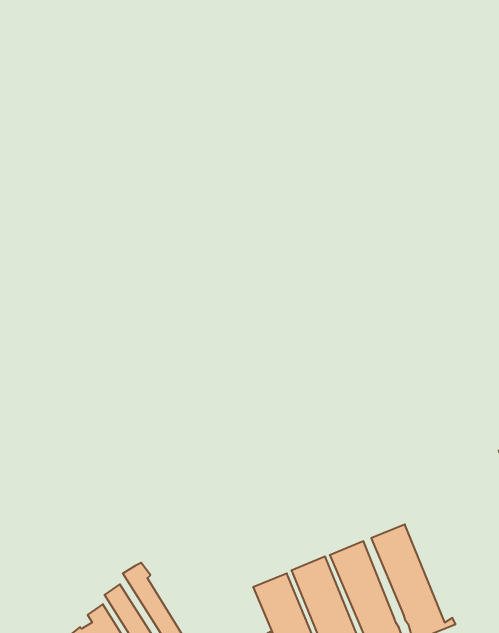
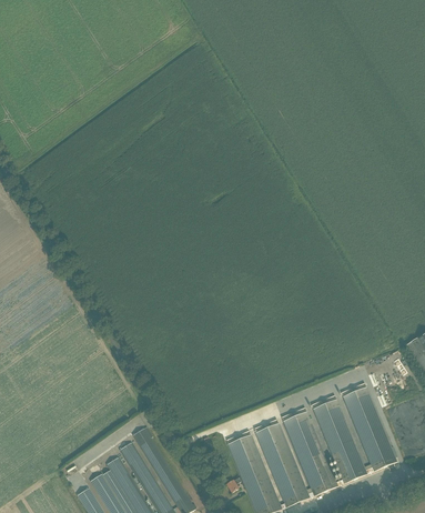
building: none -> [343,386,396,471]

